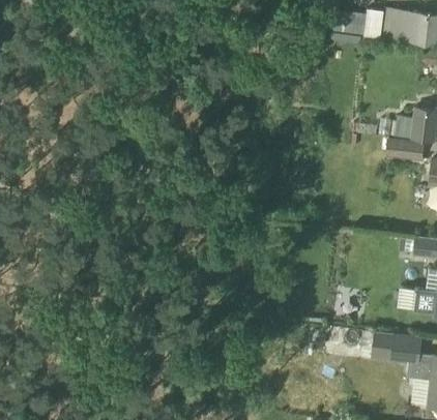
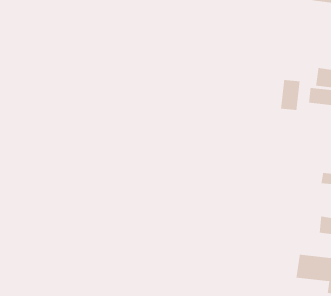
building: none -> [280,79,301,111]

